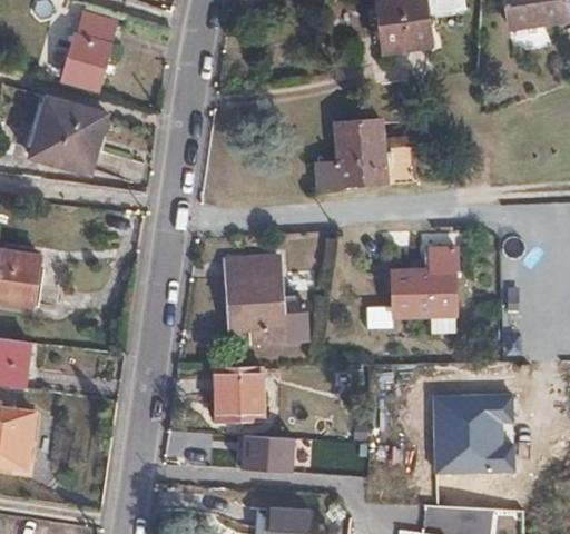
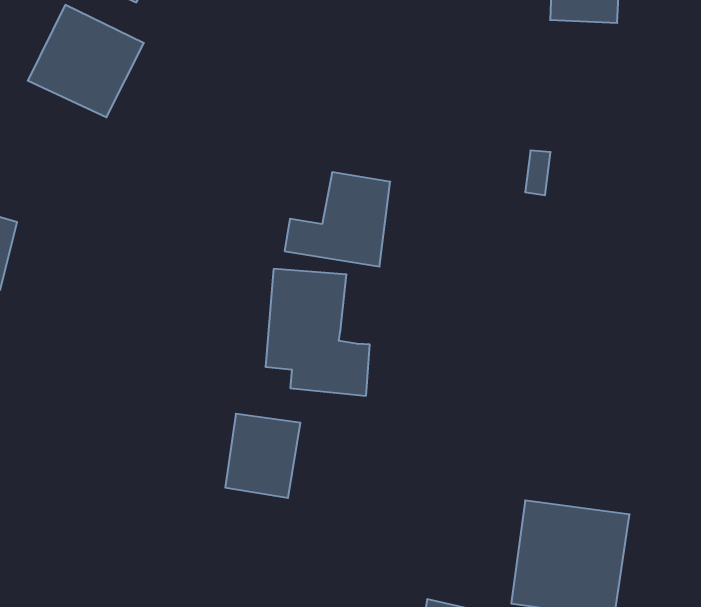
building: [318,123,387,185] -> [285,172,390,267]
building: [391,247,455,330] -> none
building: [239,435,294,472] -> none

